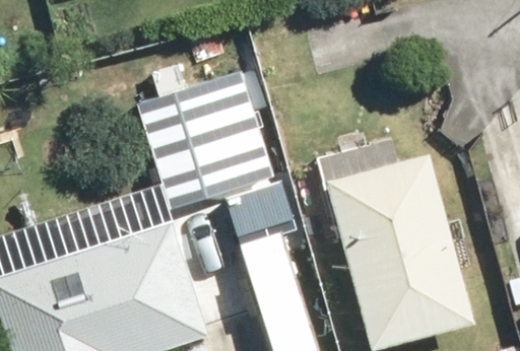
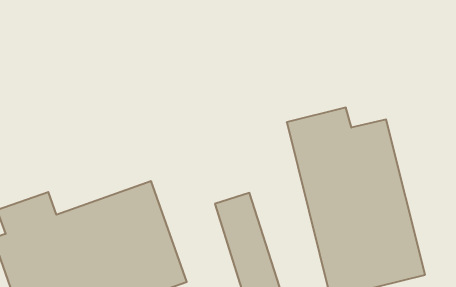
building: [136,67,275,212] -> none

